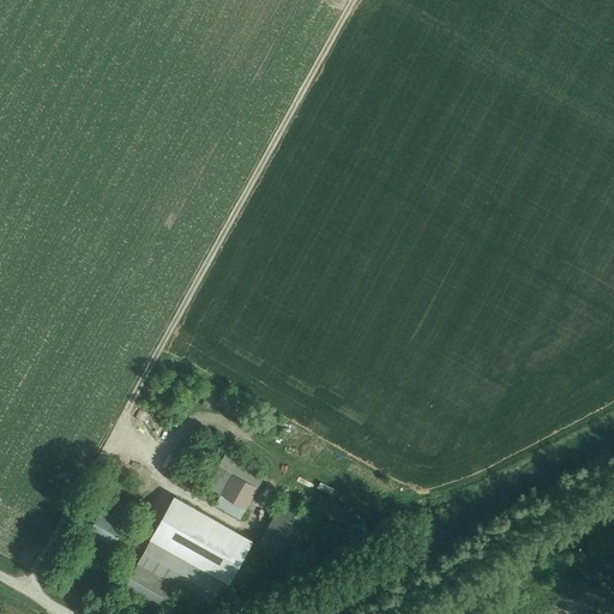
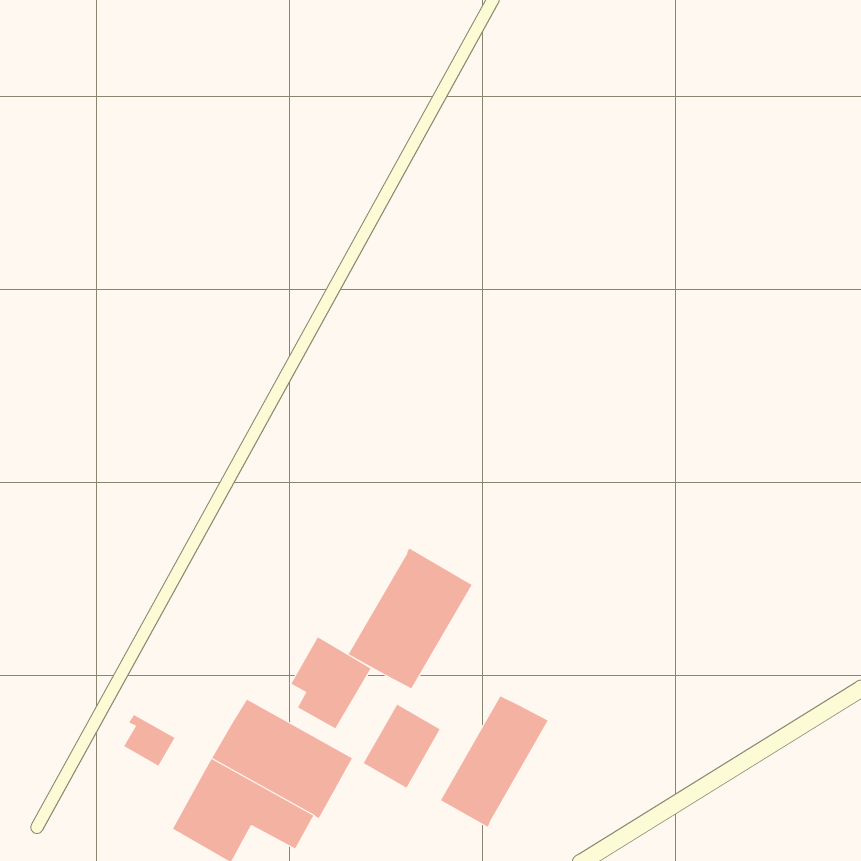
building: none -> [348,548,473,689]
building: none -> [440,695,548,828]

